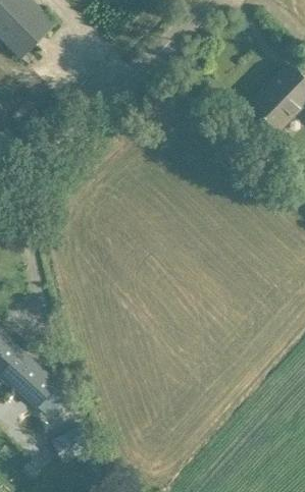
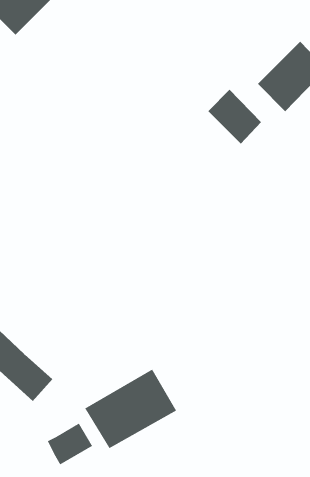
building: none -> [207,89,262,144]
building: none -> [84,369,177,449]

